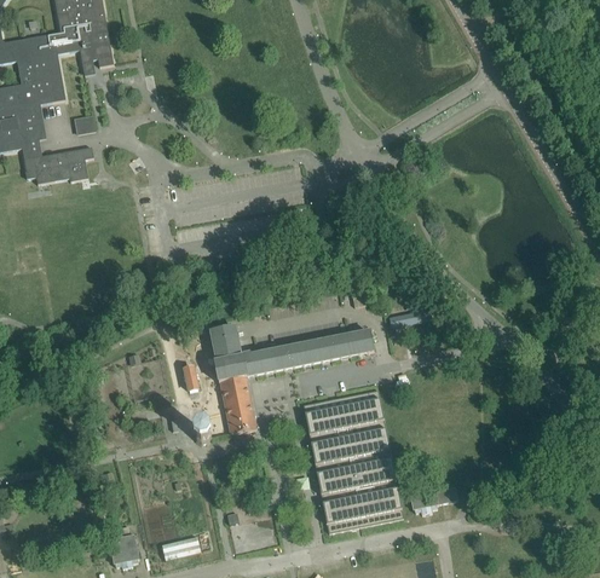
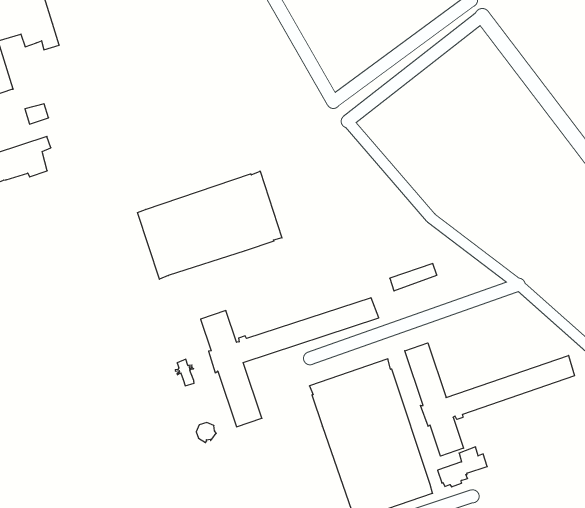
building: none -> [138,171,282,279]
building: none -> [405,343,575,456]

